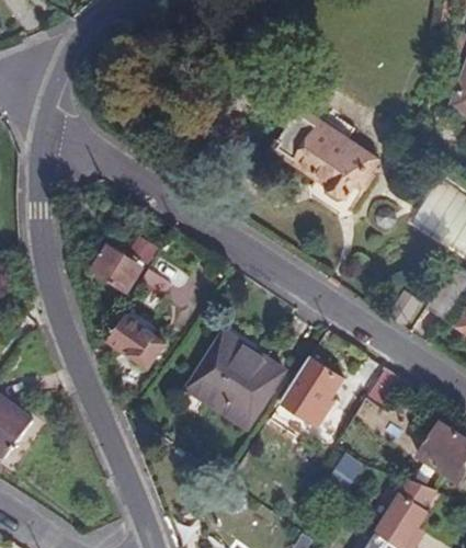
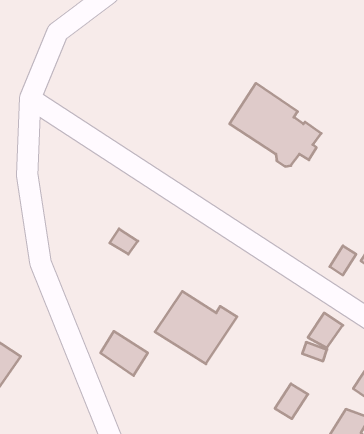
building: [90,246,137,293] -> none
building: [109,318,163,369] -> [101,331,148,376]
building: [279,356,342,426] -> none

